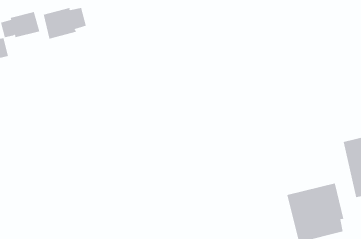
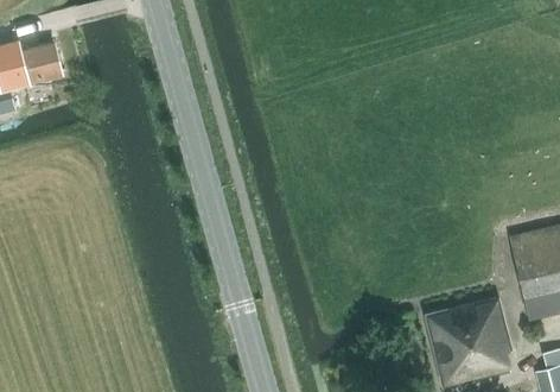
building: [43,7,86,40] -> none

